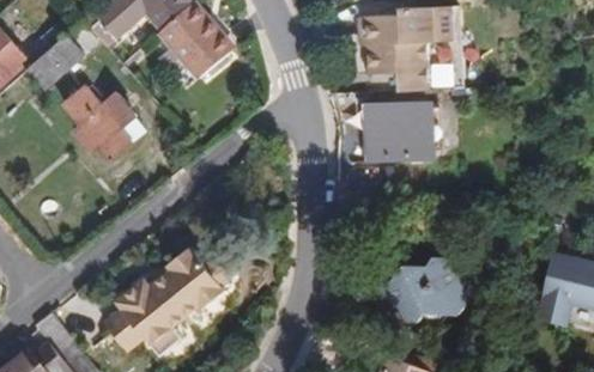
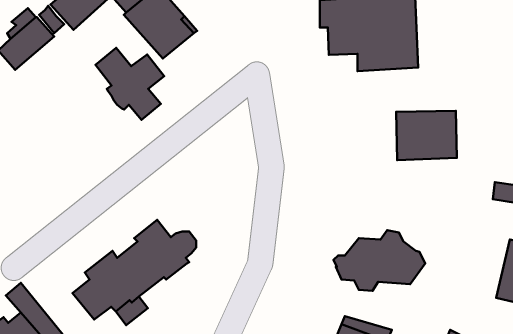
building: [62,86,134,161] -> [96,48,164,120]
building: [365,106,429,158] -> [396,111,457,160]

